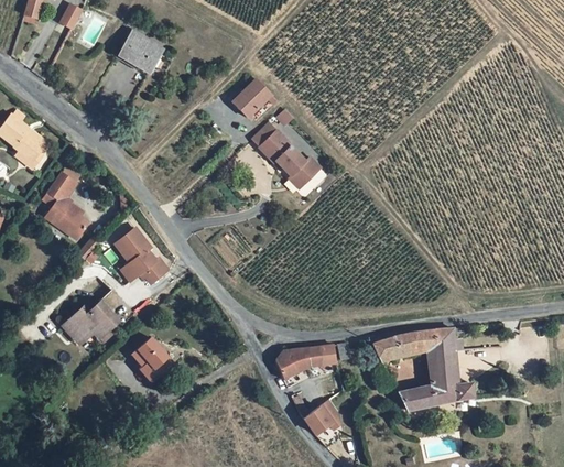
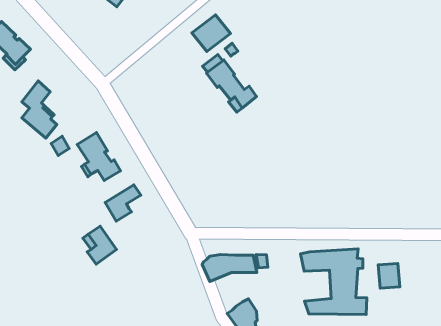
building: none -> [105,185,141,221]
building: [66,298,118,338] -> none
building: none -> [378,264,400,288]

